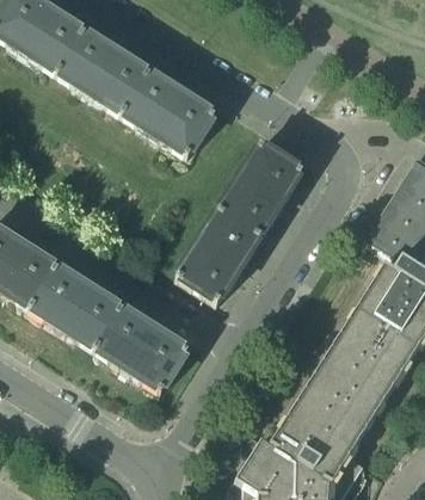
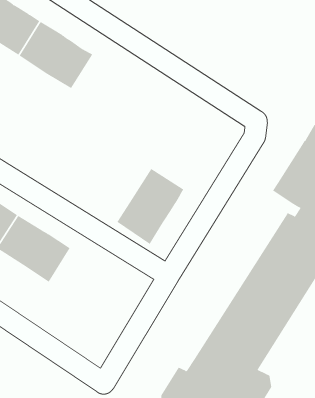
building: [122,70,215,155] -> none
building: [218,142,302,235] -> none
building: [94,307,187,390] -> none

